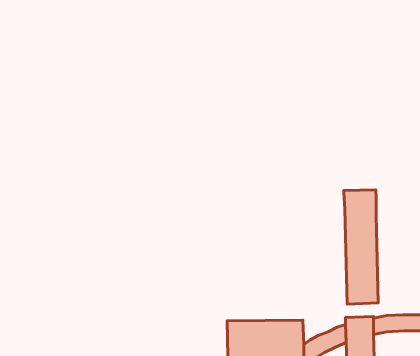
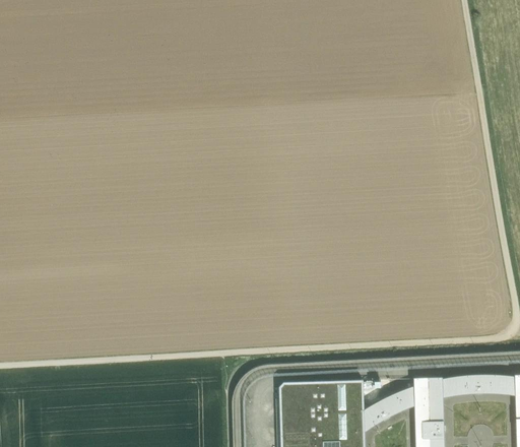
building: [344,190,378,304] -> none

